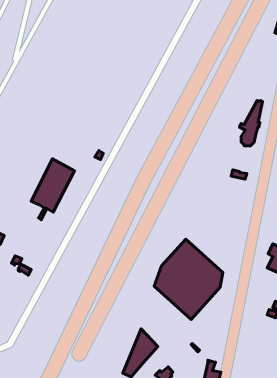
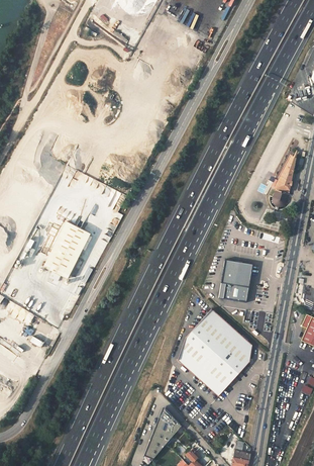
building: none -> [219,260,253,301]

